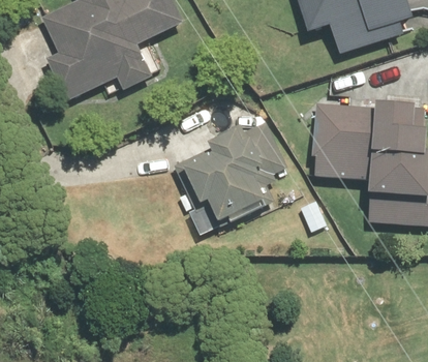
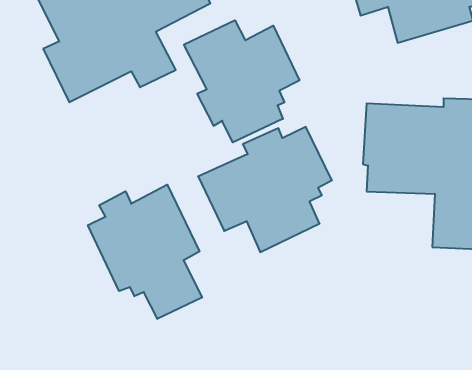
building: none -> [184,20,299,142]
building: none -> [88,185,202,319]

